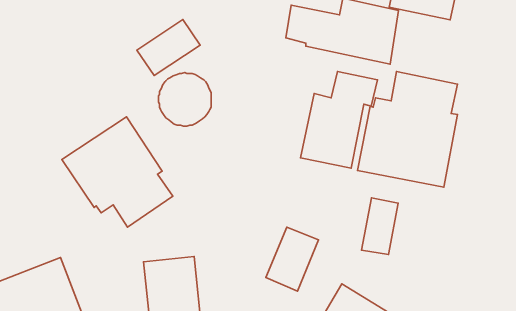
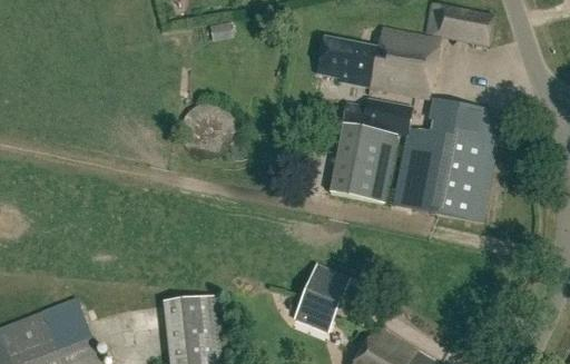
building: [137,20,200,76] -> none
building: [62,117,173,227] -> none
building: [361,198,398,255] -> none

